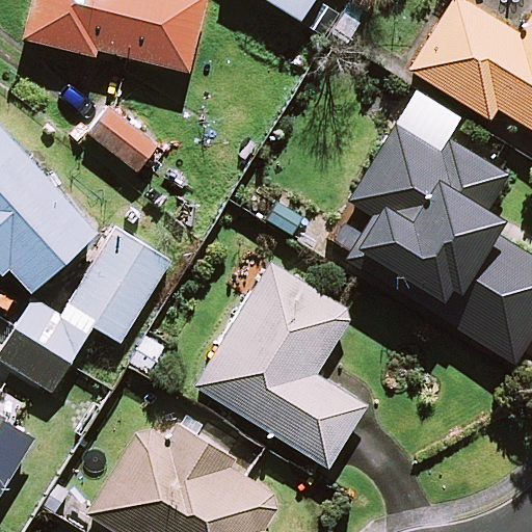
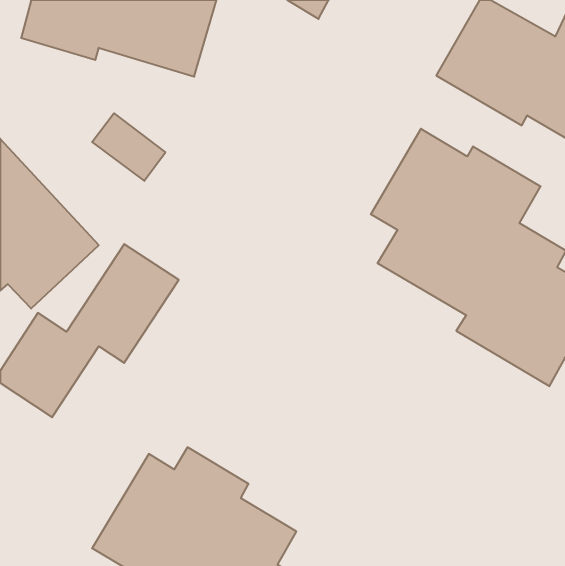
building: [196,264,364,466] -> none

